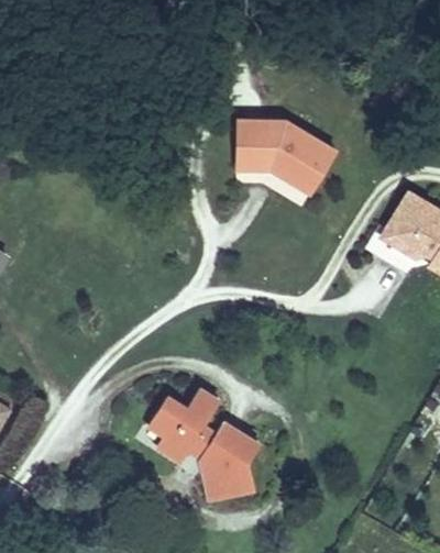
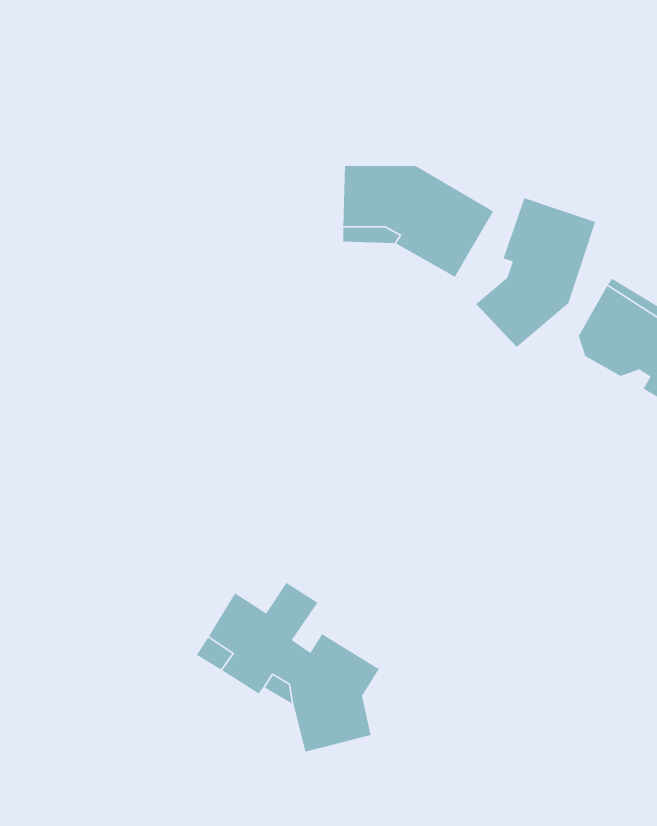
building: none -> [475,197,596,348]

